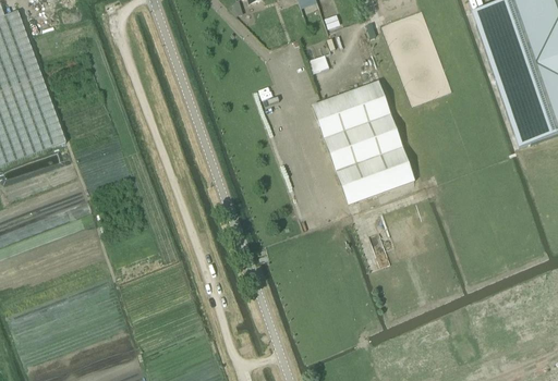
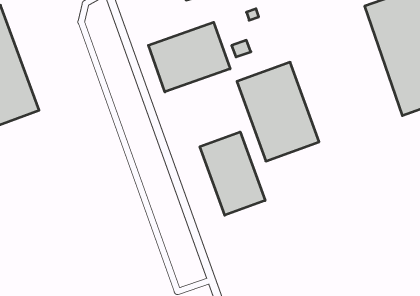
building: none -> [148,22,230,92]
building: none -> [200,132,265,215]

